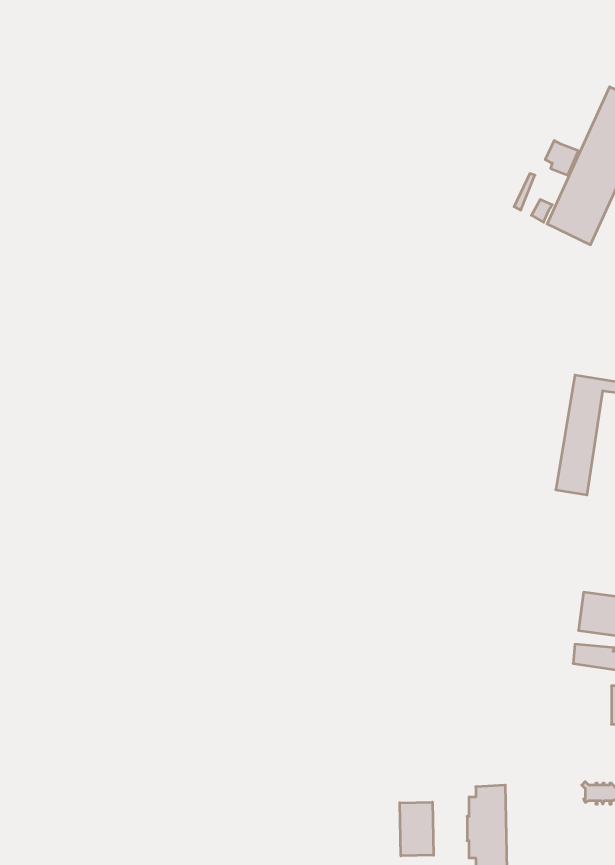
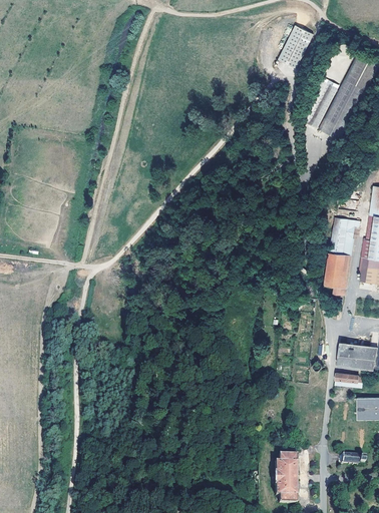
building: none -> [279,25,310,66]
building: [400,802,434,856] -> none

